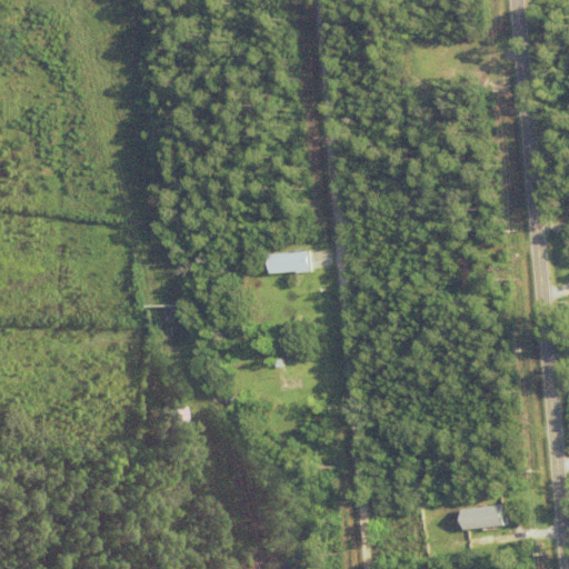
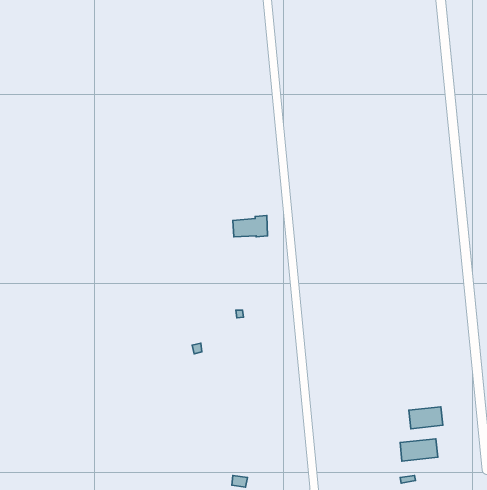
building: none -> [409,407,443,429]

